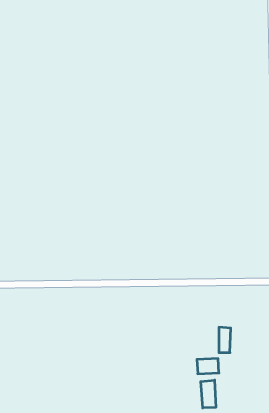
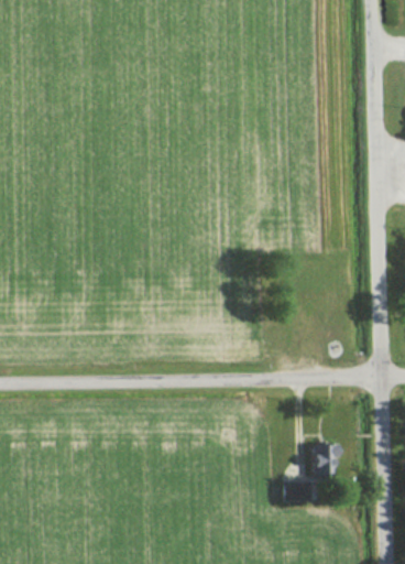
building: [201,380,216,408] -> none

